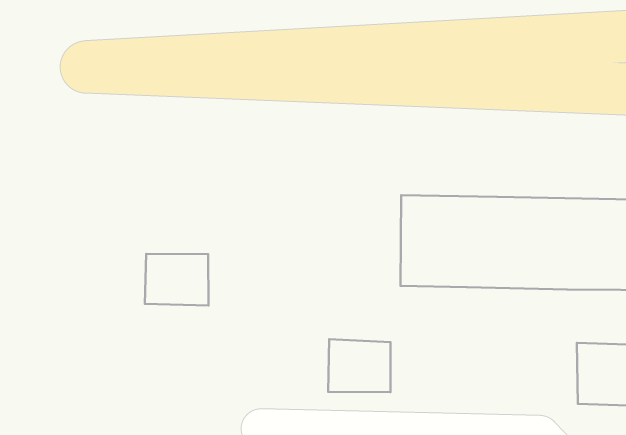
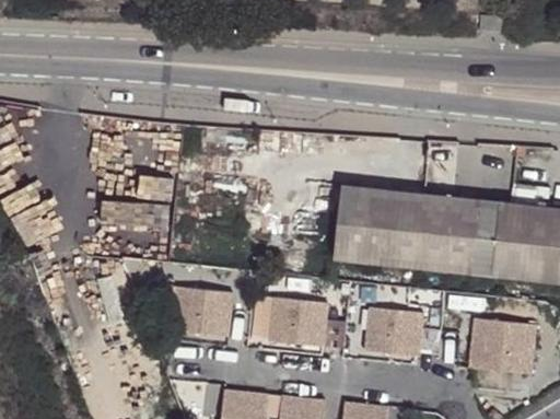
building: [145,254,208,305] -> [175,290,230,336]
building: none -> [365,307,420,354]

